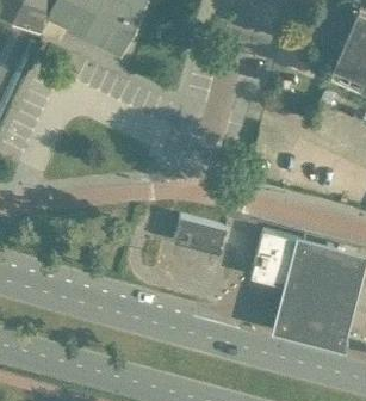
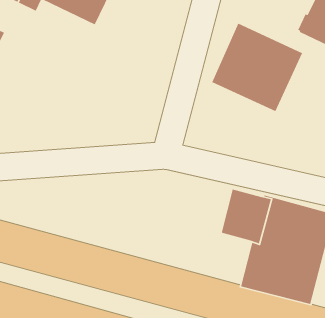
building: none -> [211,23,303,112]
building: [173,221,227,259] -> none

